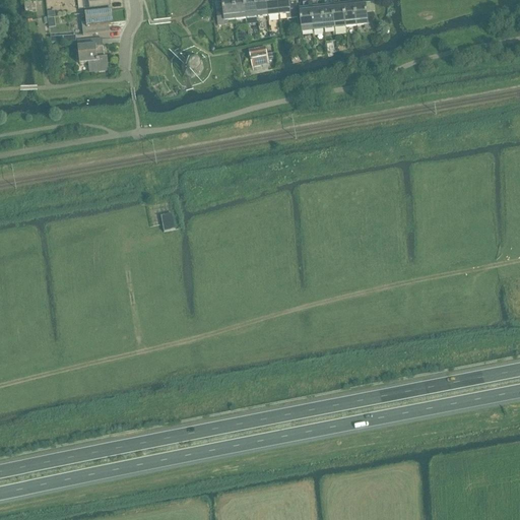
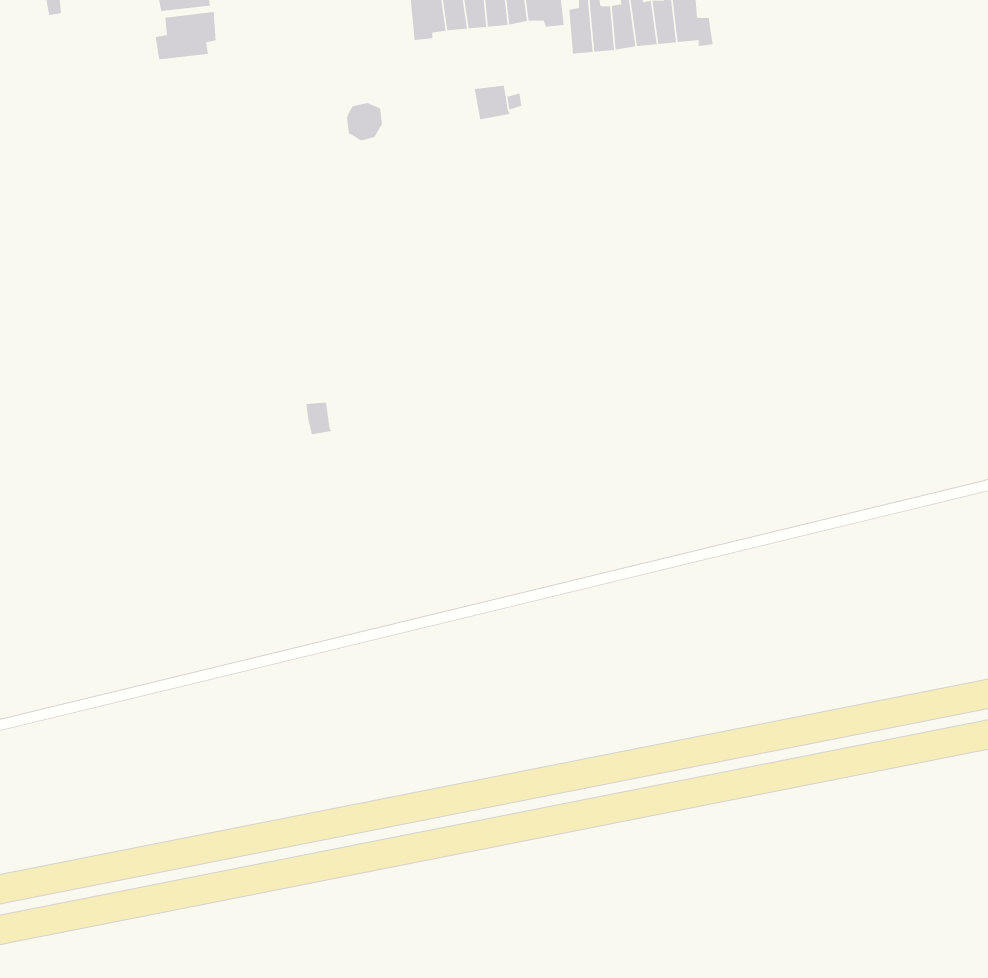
building: [77,35,109,69] -> none

